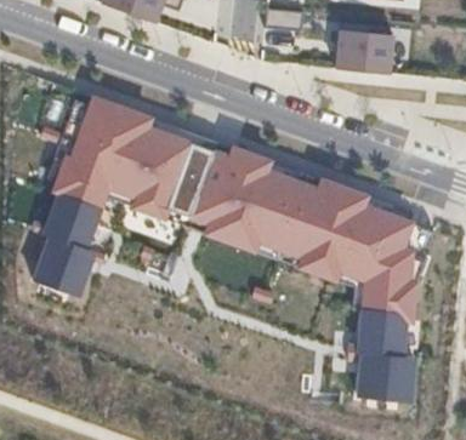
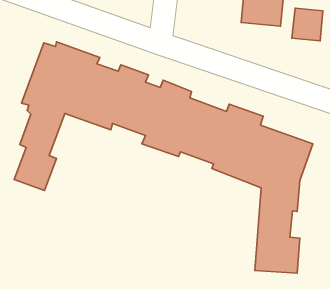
building: none -> [292,8,323,41]

